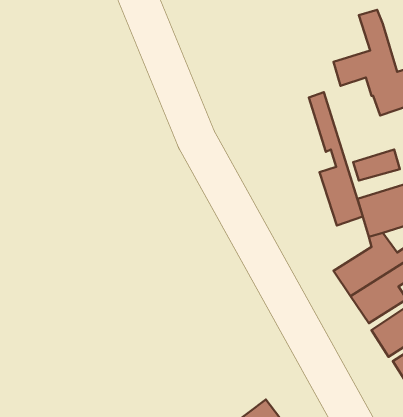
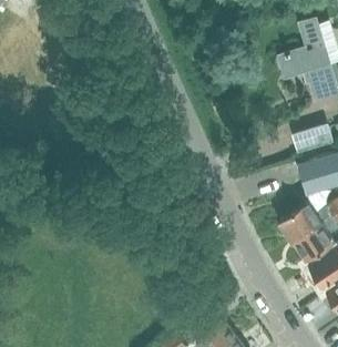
building: [309,92,363,226] -> none

